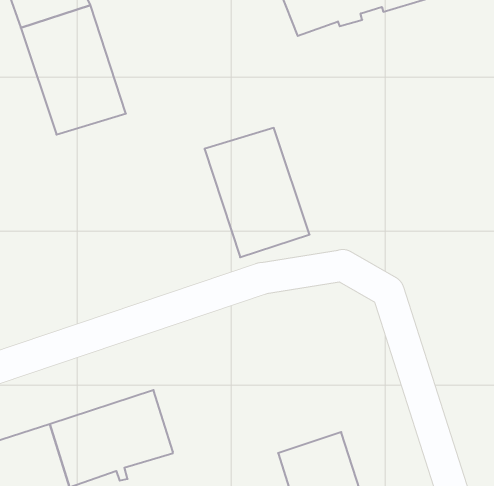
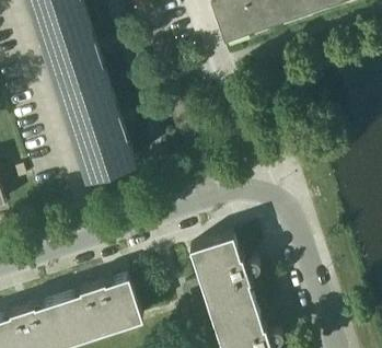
building: [204,128,310,257] -> [62,93,134,181]
building: none -> [183,239,255,323]

